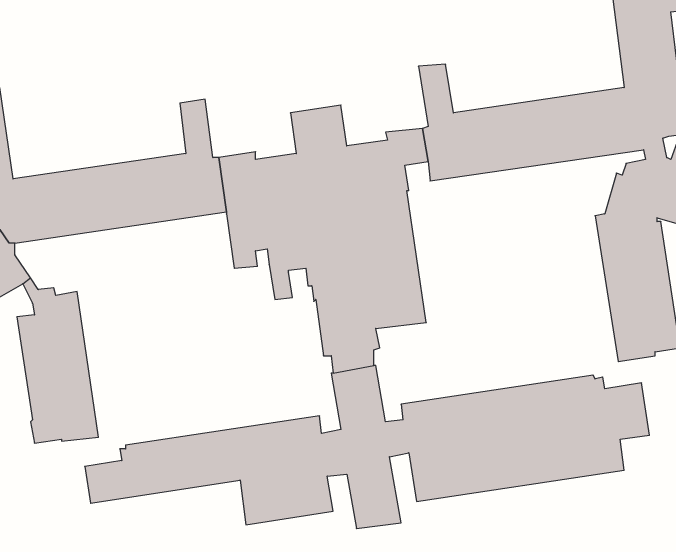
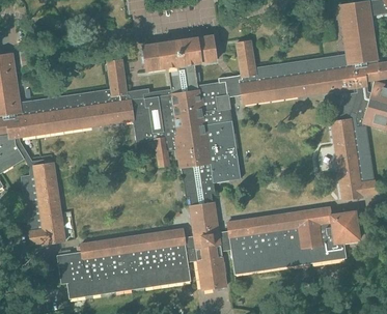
building: none -> [142,36,216,70]
building: none -> [60,263,143,297]

